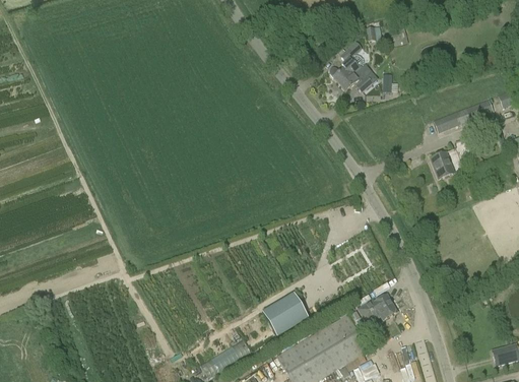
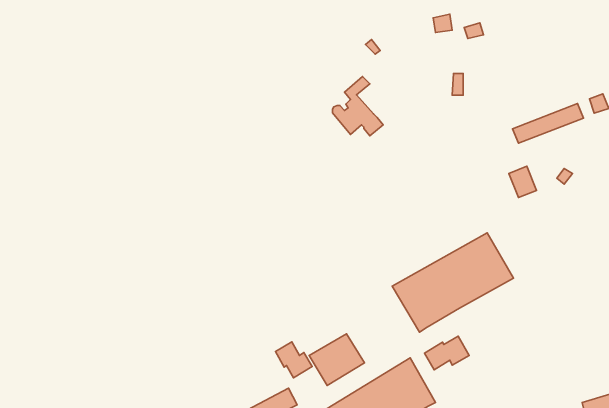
building: [330,42,373,91] -> [332,77,383,136]
building: none -> [392,233,514,332]
building: none -> [275,342,312,378]

